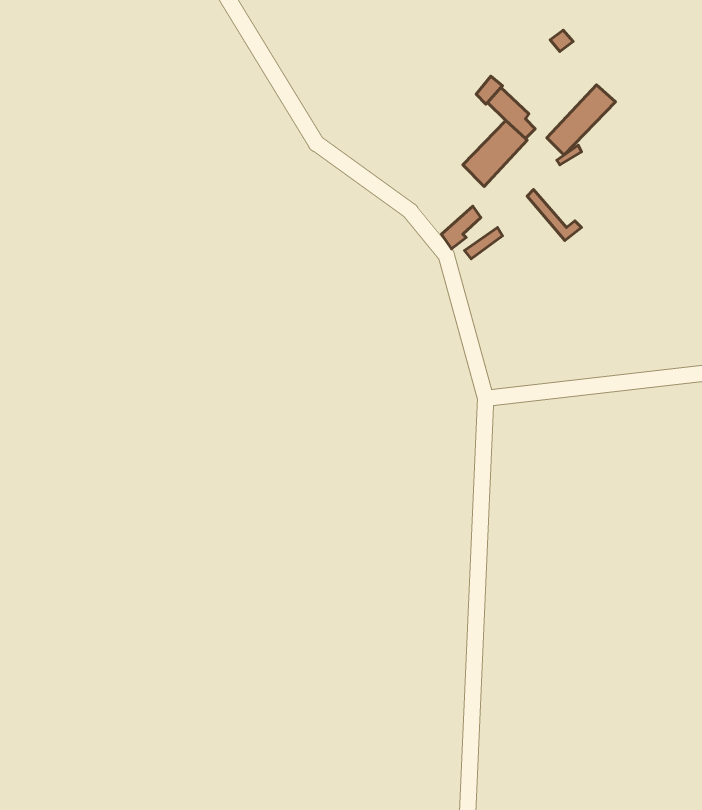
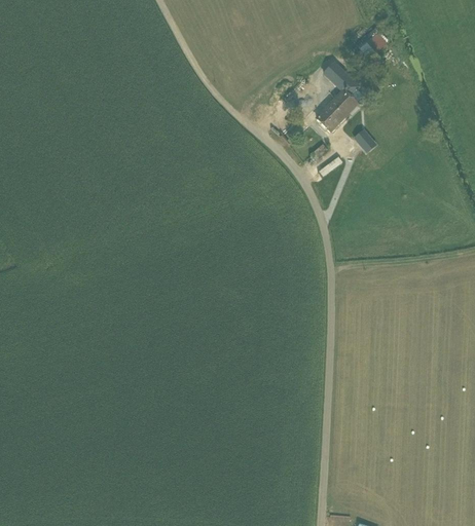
building: [547,85,615,155] -> none

